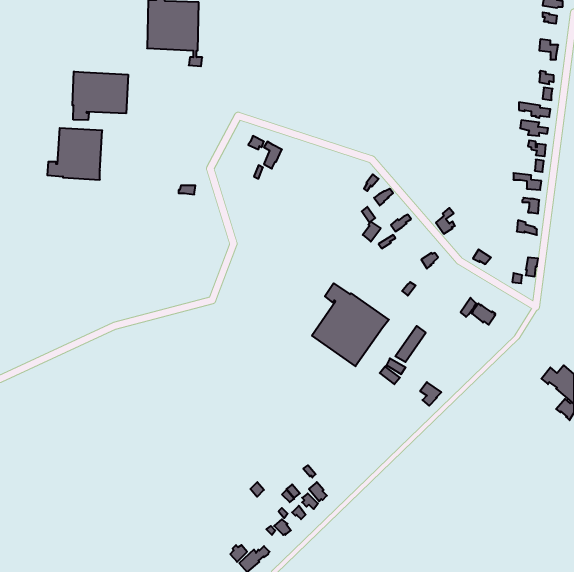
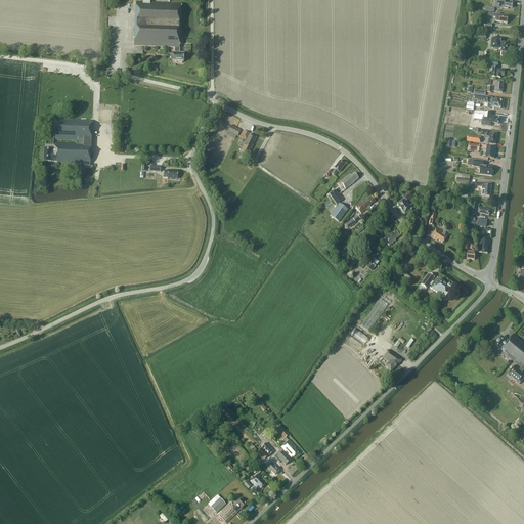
building: [72,71,128,120] -> none
building: [312,283,389,366] -> none

